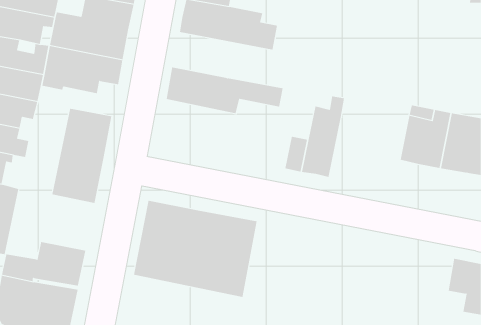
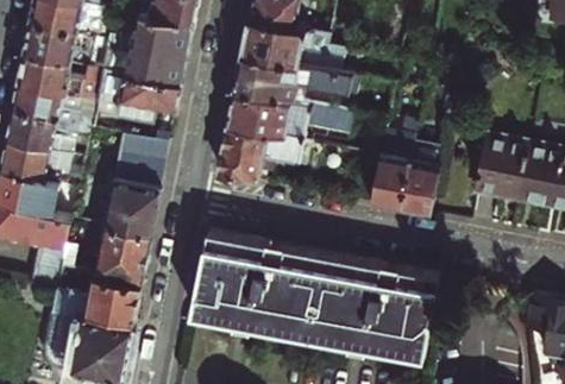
building: none -> [231,57,357,106]
building: none -> [215,128,302,183]
building: none -> [398,147,441,218]
building: none -> [95,229,150,285]
building: none -> [307,258,440,361]

